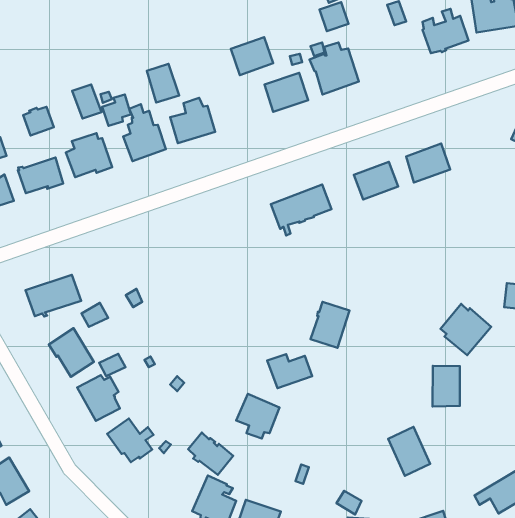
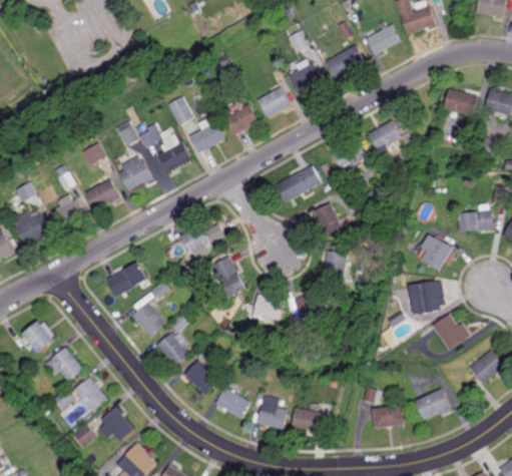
building: none -> [325,44,365,79]
building: [231,37,273,75] -> [224,103,258,134]
building: none -> [181,222,228,259]
building: none -> [314,202,341,235]
building: none -> [209,257,244,299]
building: [236,394,279,439] -> [252,294,283,325]
building: [388,427,430,476] -> [432,314,466,351]
building: [188,433,233,475] -> [216,387,250,416]

